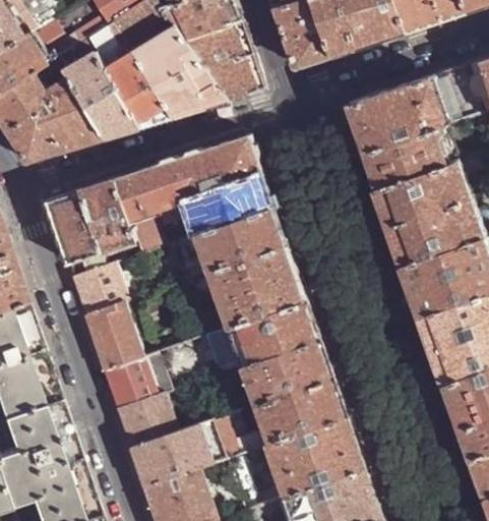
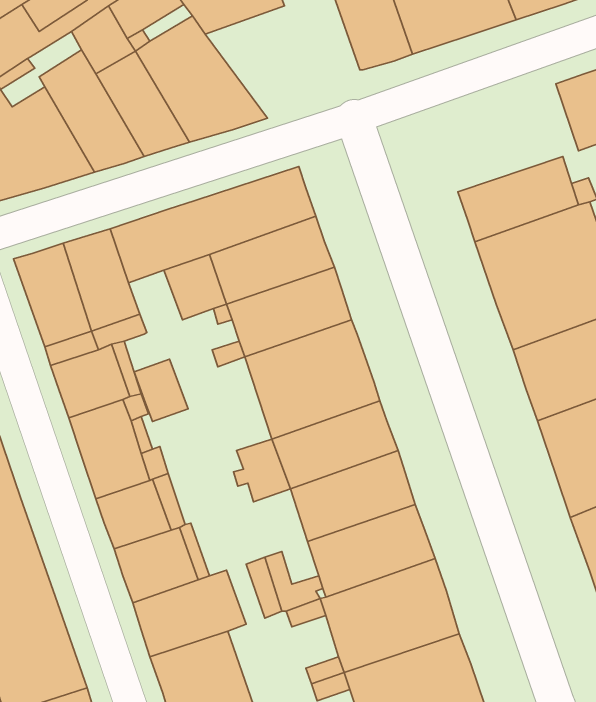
building: [181,20,261,101] -> none
building: [346,76,448,154] -> none
building: [126,210,165,254] -> [134,359,188,422]

